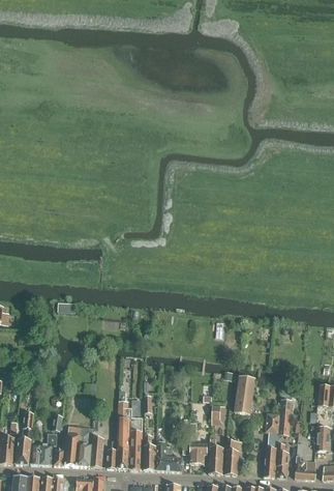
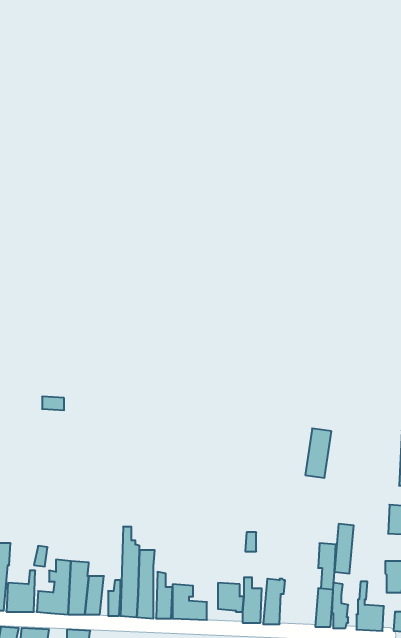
building: [235,378,254,415] -> [305,428,331,478]

